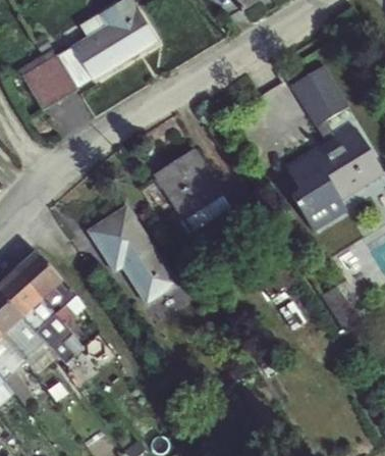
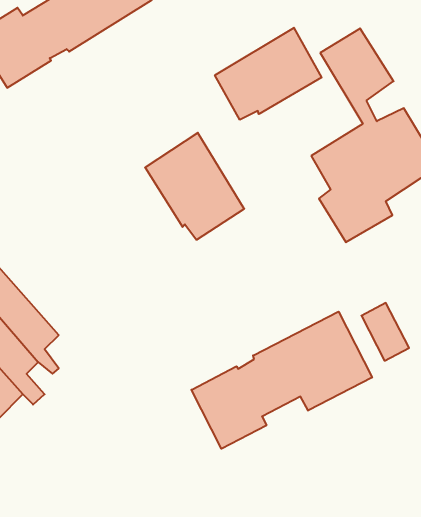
building: none -> [215,28,322,120]
building: [86,203,179,305] -> none
building: none -> [191,312,372,449]

